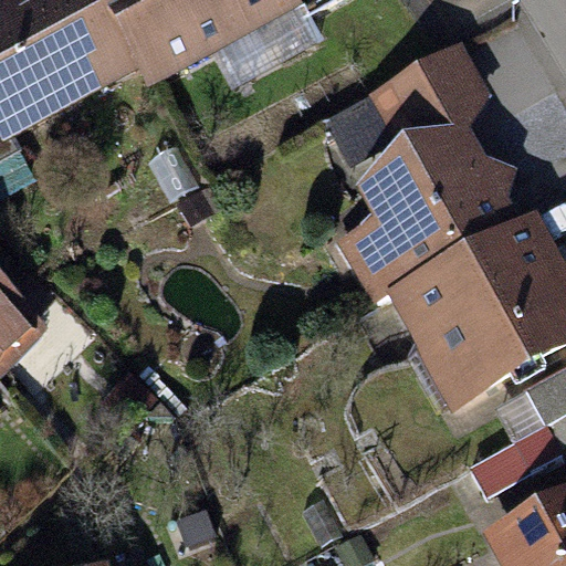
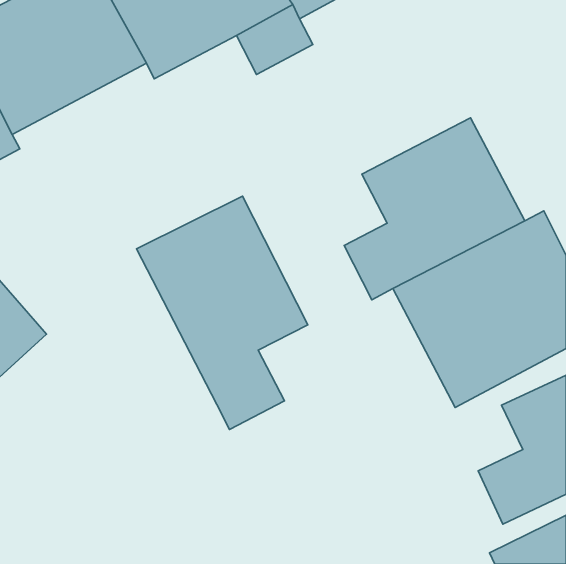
building: [333,51,493,174] -> none
building: none -> [137,196,308,429]

